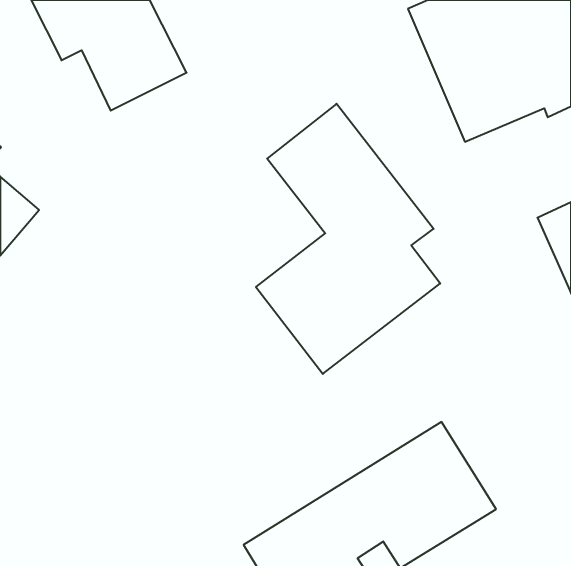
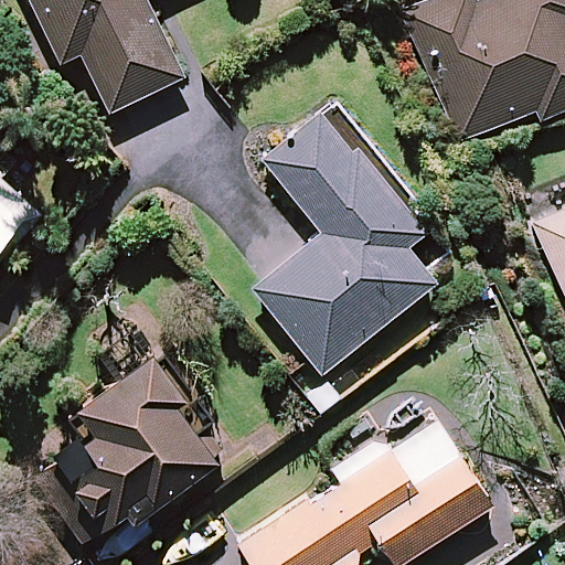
building: none -> [35,351,217,542]

